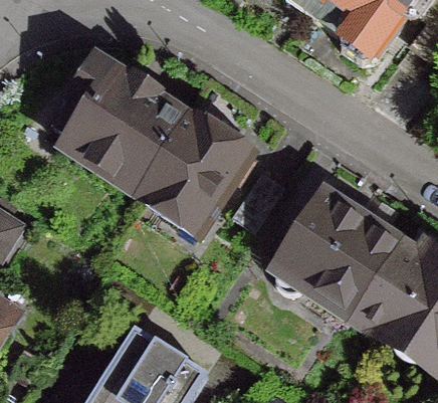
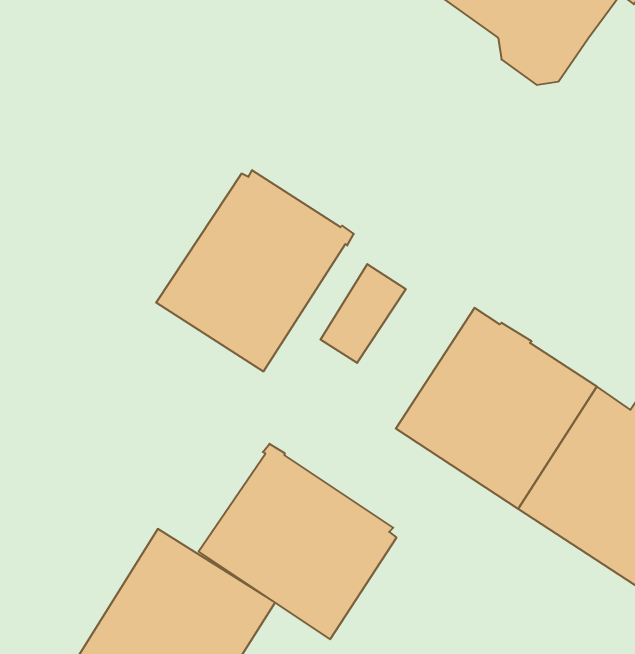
building: [59,56,183,191] -> none
building: none -> [199,444,396,639]

